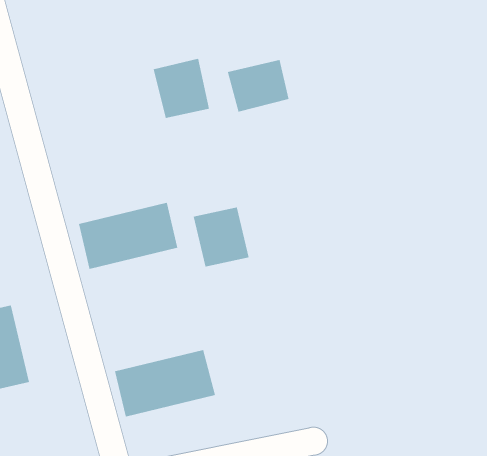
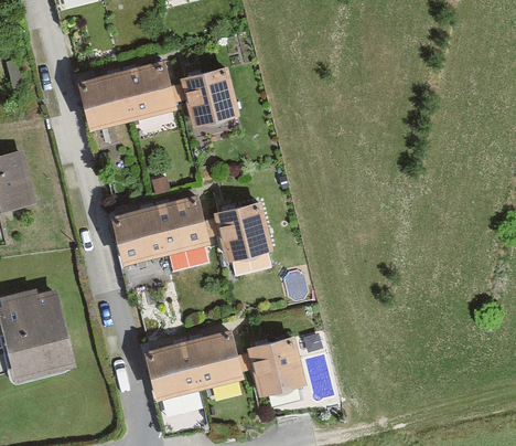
building: none -> [80,65,173,126]
building: [227,59,289,112] -> none
building: none -> [248,339,300,394]

